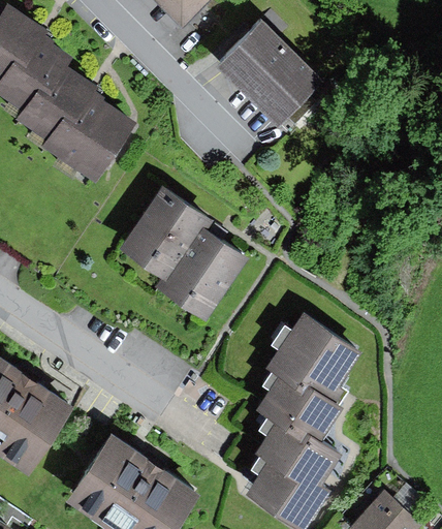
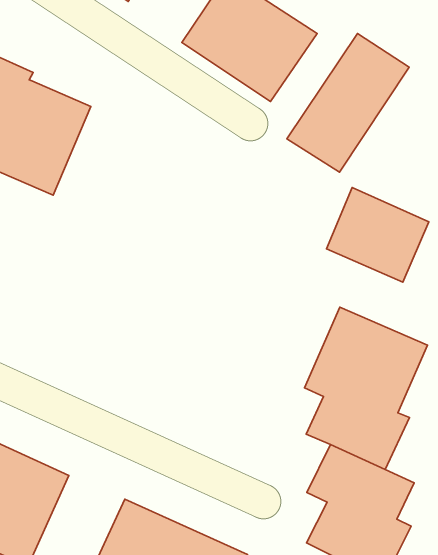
building: none -> [287,34,409,172]
building: [118,184,249,320] -> none
building: none -> [327,187,429,282]

